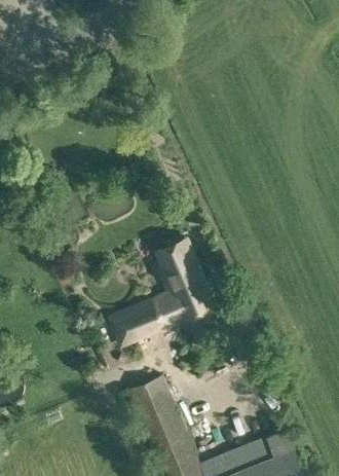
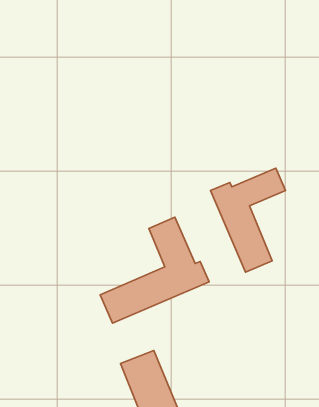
building: none -> [211,168,285,272]

